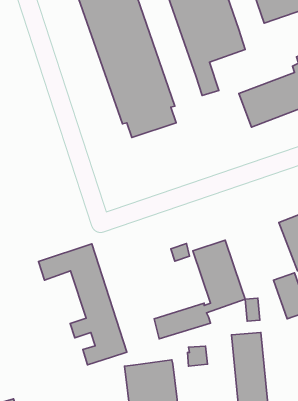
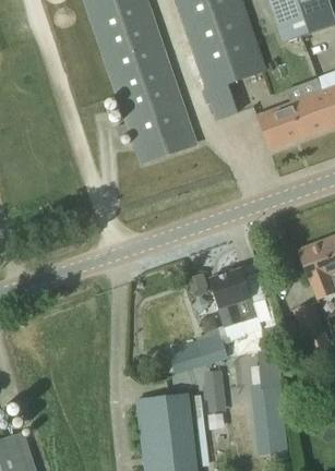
building: [38,244,127,365] -> none

